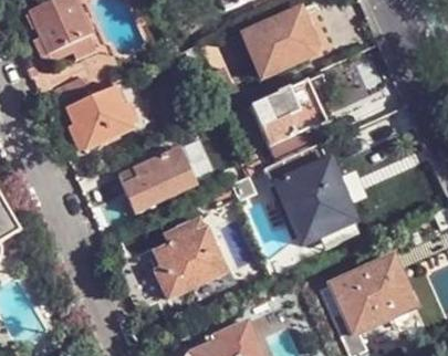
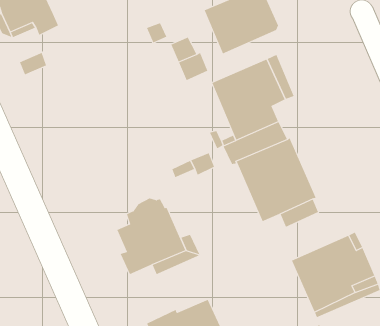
building: [66,83,136,148] -> none
building: [118,146,196,212] -> none

